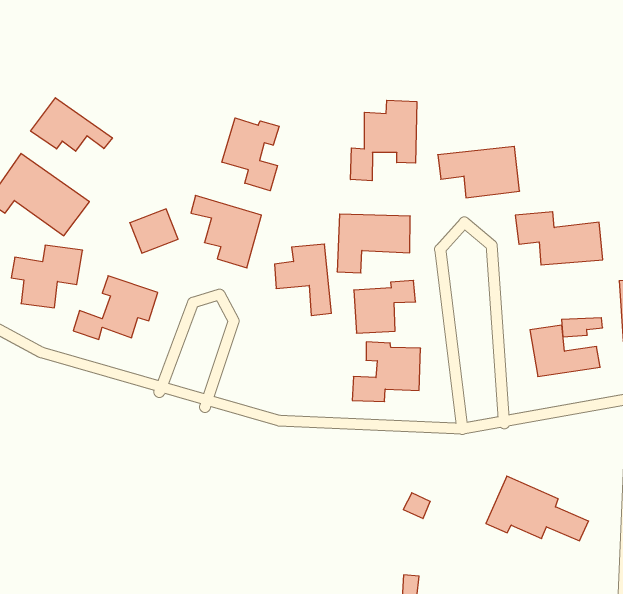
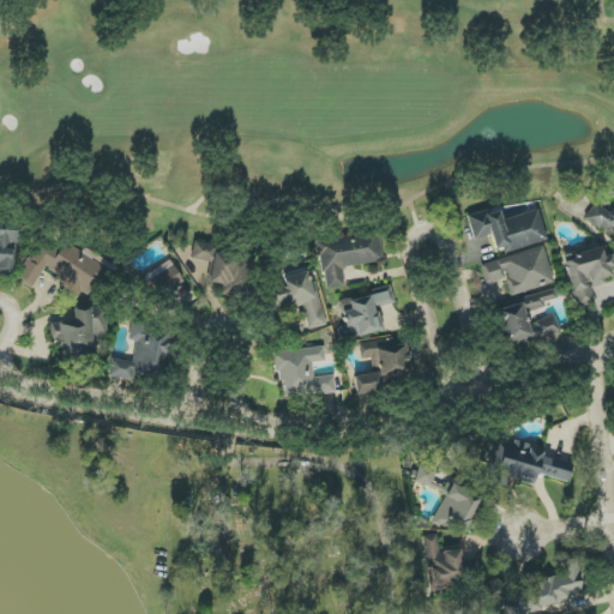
building: [31,98,112,151] -> none
building: [351,100,417,181] -> none
building: [222,118,279,191] -> none
building: [438,146,520,198] -> [481,245,555,295]
building: none -> [278,345,337,397]
building: none -> [432,481,483,534]

